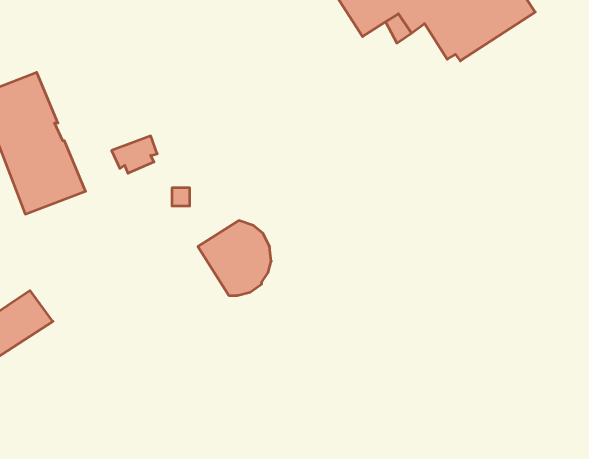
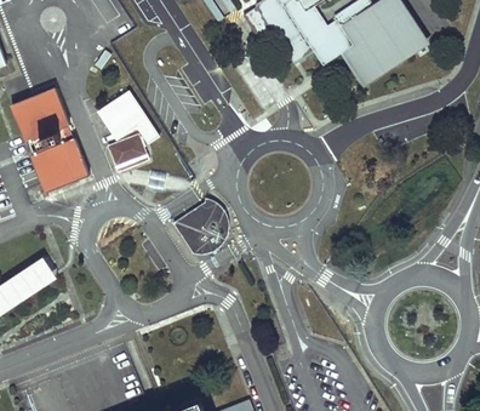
building: none -> [97,89,160,143]

